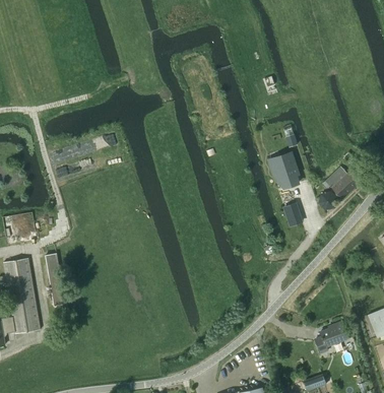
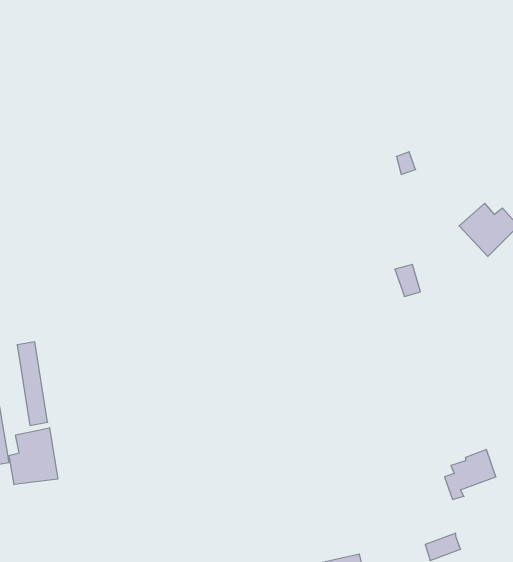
building: [269,155,299,190] -> none
building: none -> [9,428,58,485]

